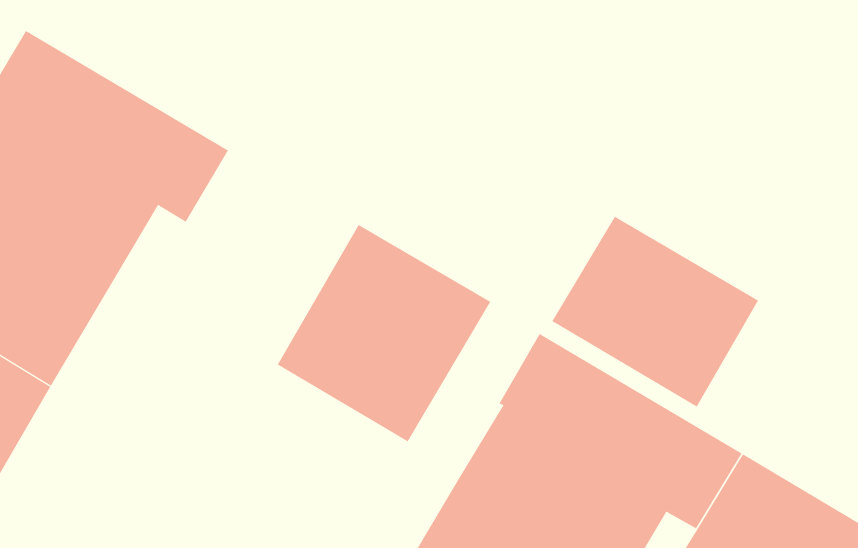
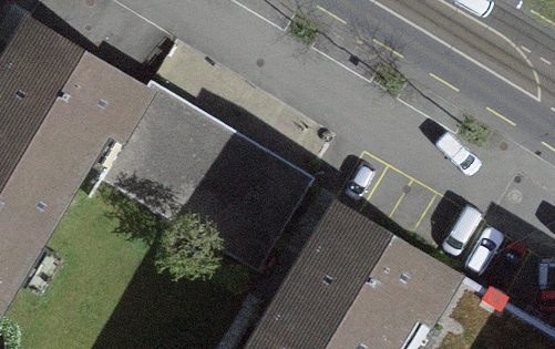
building: none -> [102,92,228,220]
building: [552,216,759,408] -> none

